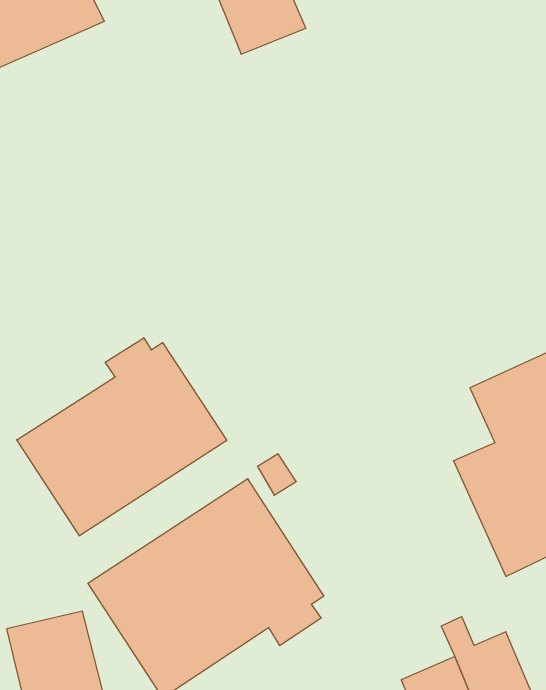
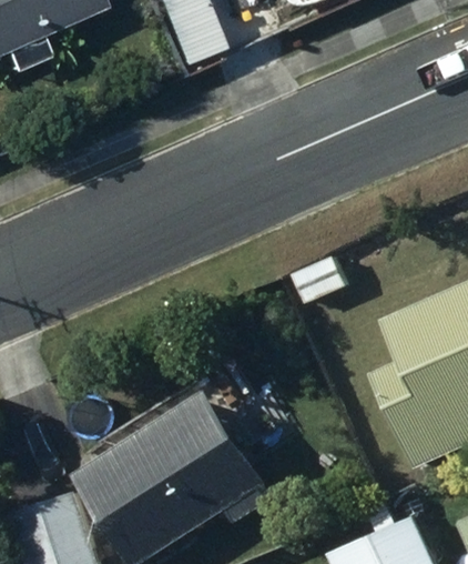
building: [17,338,227,536] -> none

